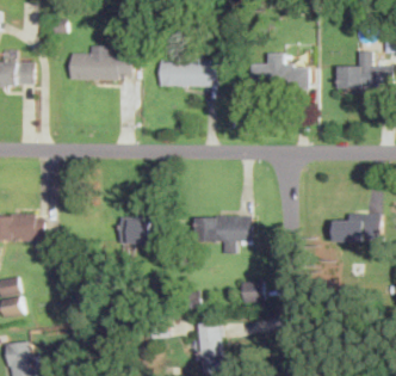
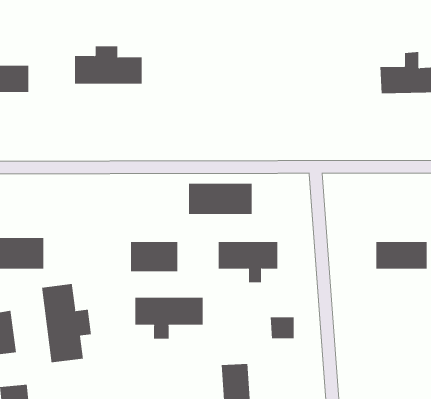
building: [250,53,308,86] -> none
building: [159,58,215,86] -> [188,183,253,215]
building: none -> [41,283,91,363]
building: none -> [135,297,203,340]

